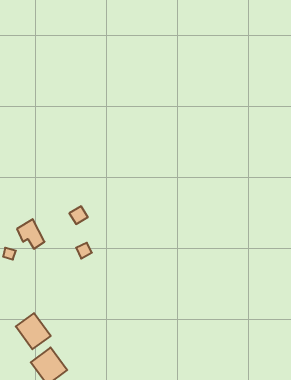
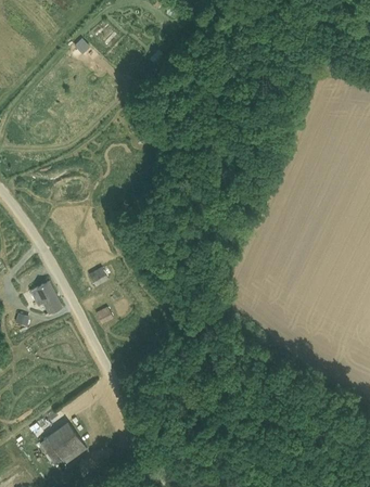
building: [16,313,51,349] -> none

